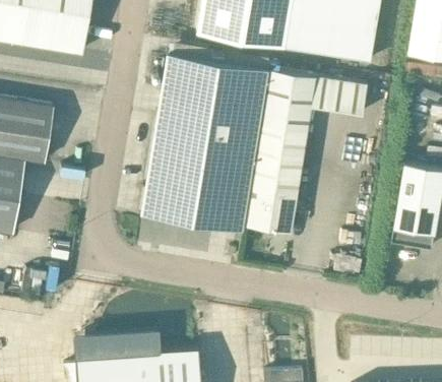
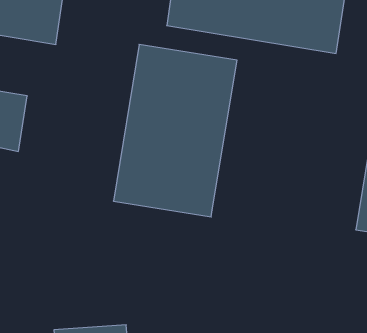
building: [243,69,366,232] -> none

